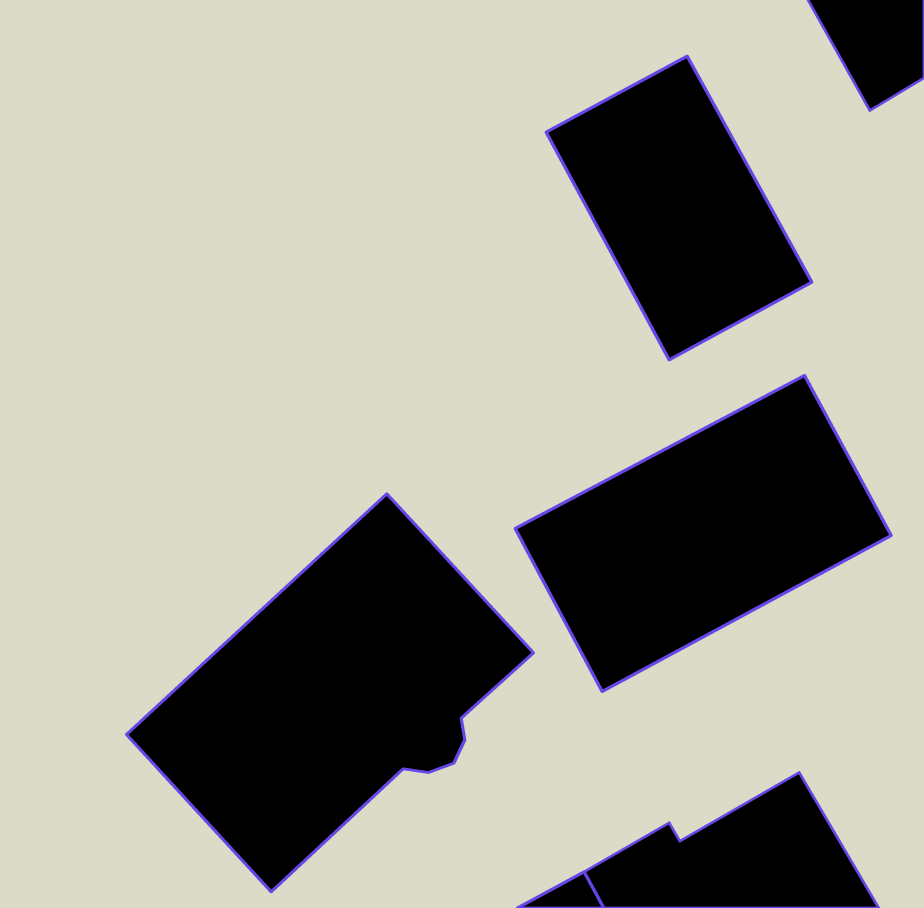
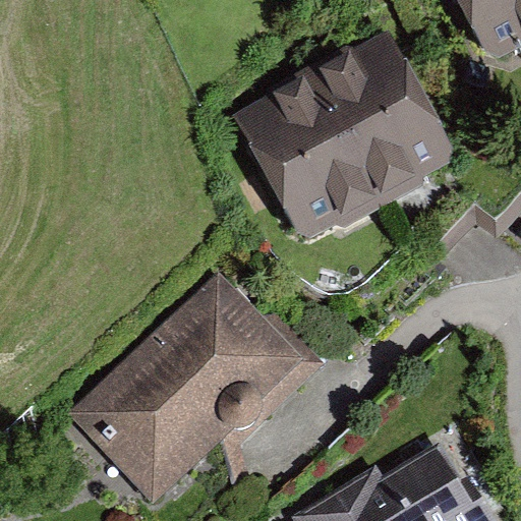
building: none -> [232,74,377,242]
building: [515,375,891,691] -> none

